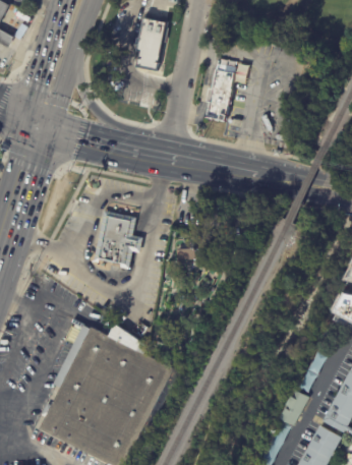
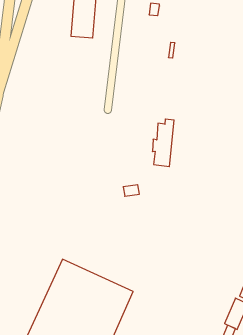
building: [203,65,232,121] -> [152,119,174,167]
building: [90,210,140,269] -> none

